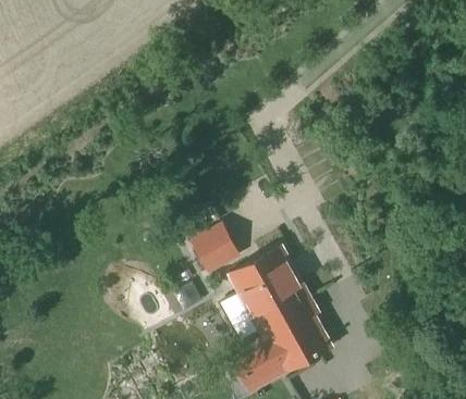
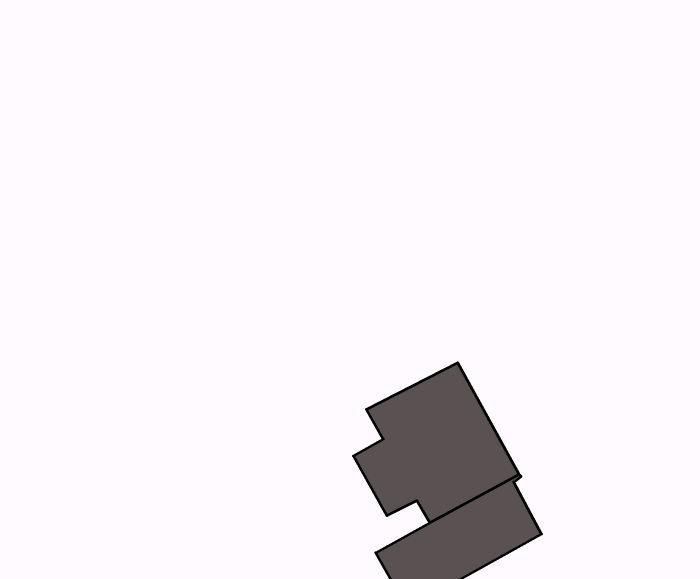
building: [192,221,244,271] -> none

